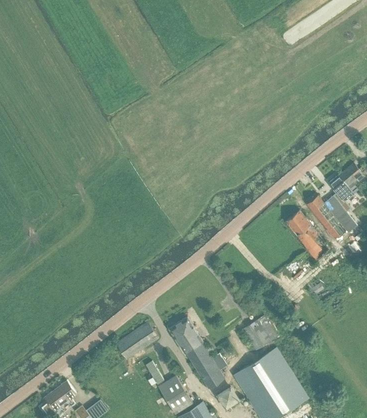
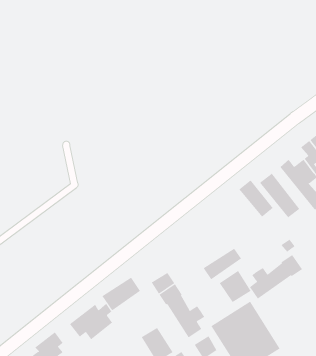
building: none -> [238,179,273,218]
building: none -> [203,248,242,280]
building: none -> [249,254,303,300]
building: none -> [69,303,113,340]

